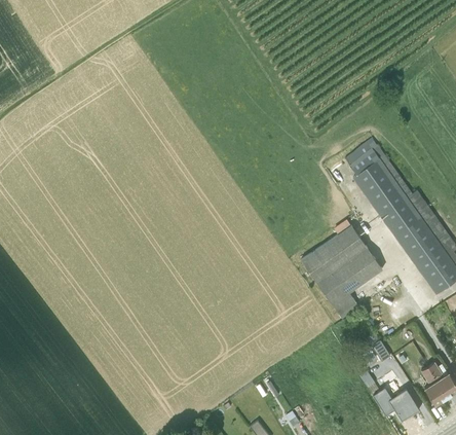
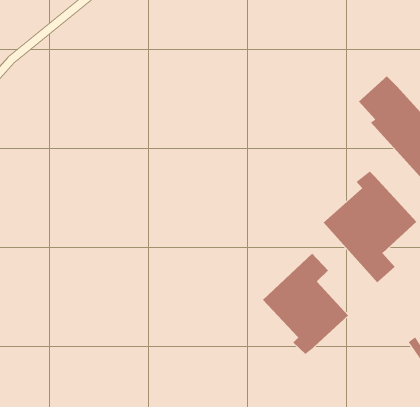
building: none -> [262,253,349,355]

